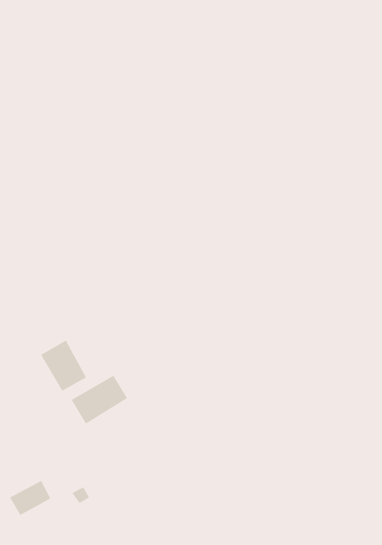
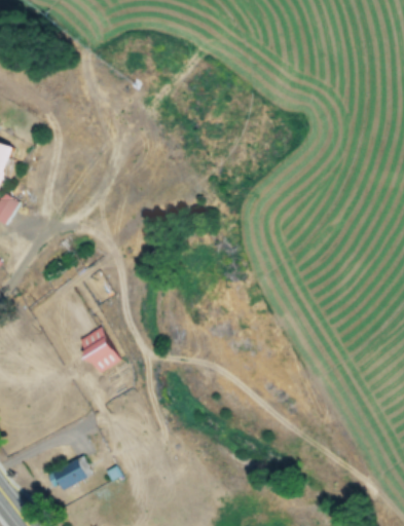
building: [71,375,128,425] -> none

